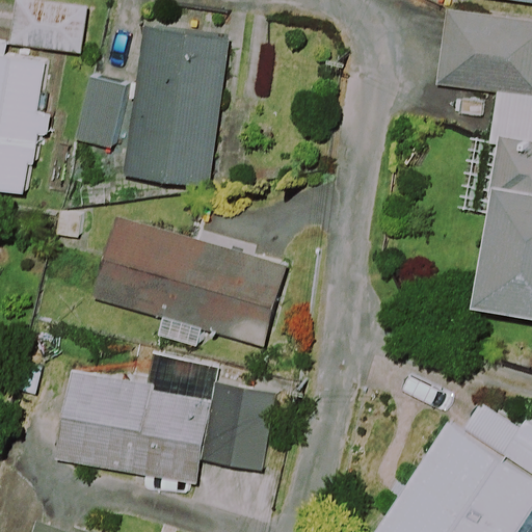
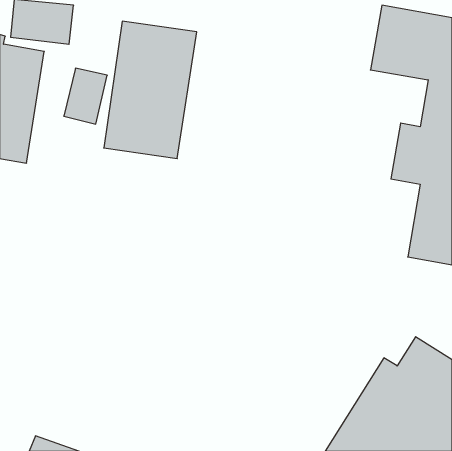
building: [97,219,286,348] -> none
building: [57,370,274,482] -> none

